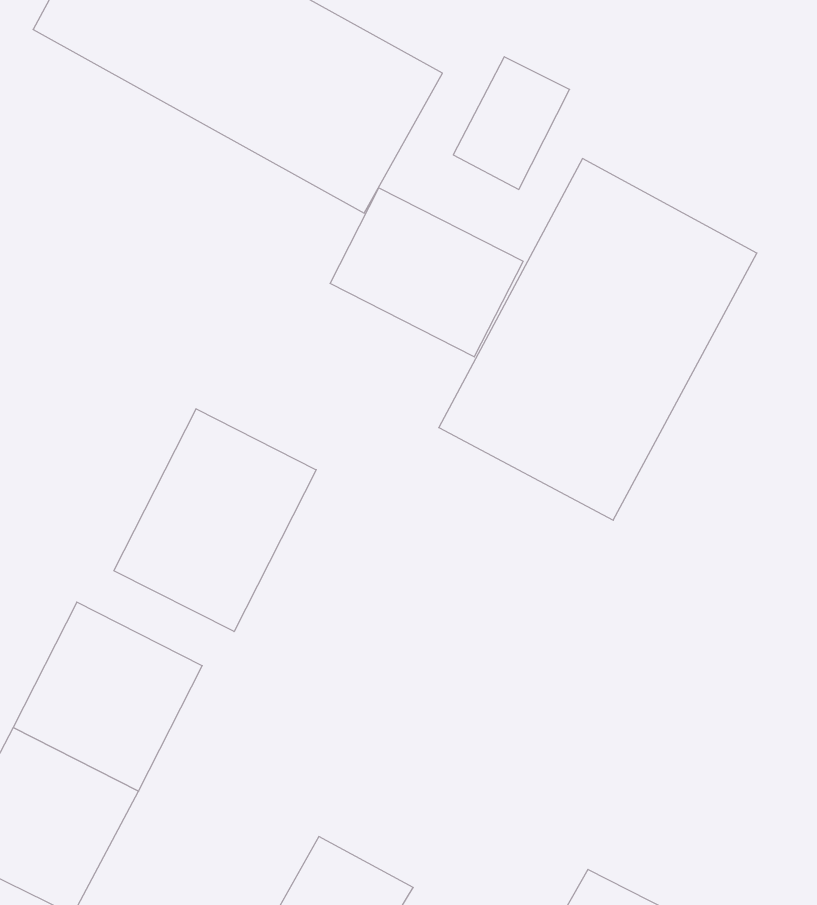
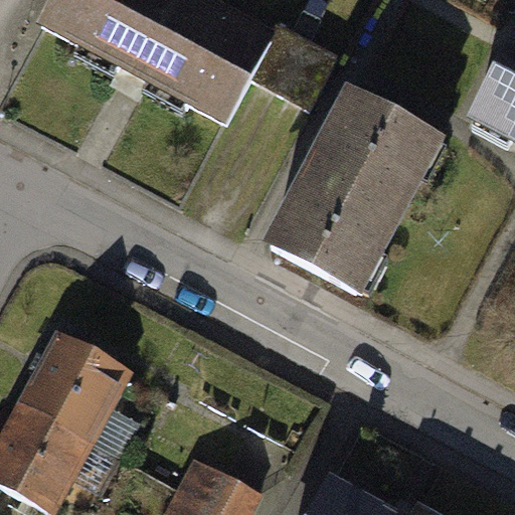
building: [330,188,523,357] -> none
building: [114,409,316,632] -> none

